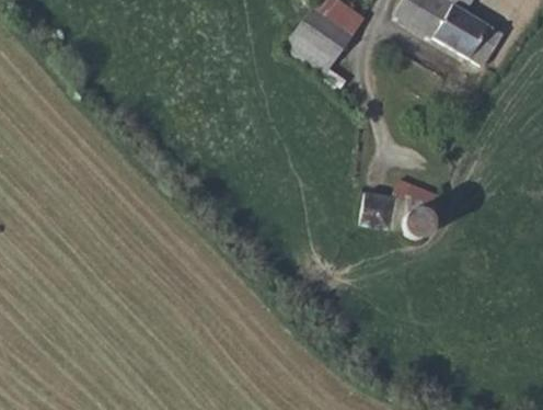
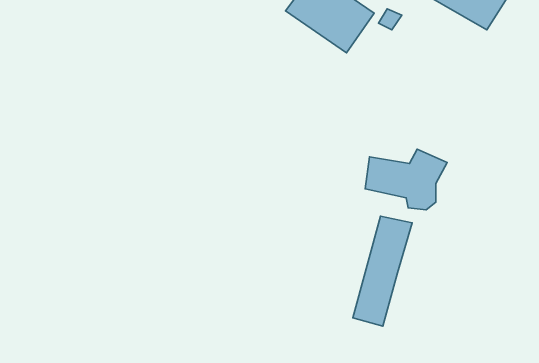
building: none -> [353,216,412,326]

